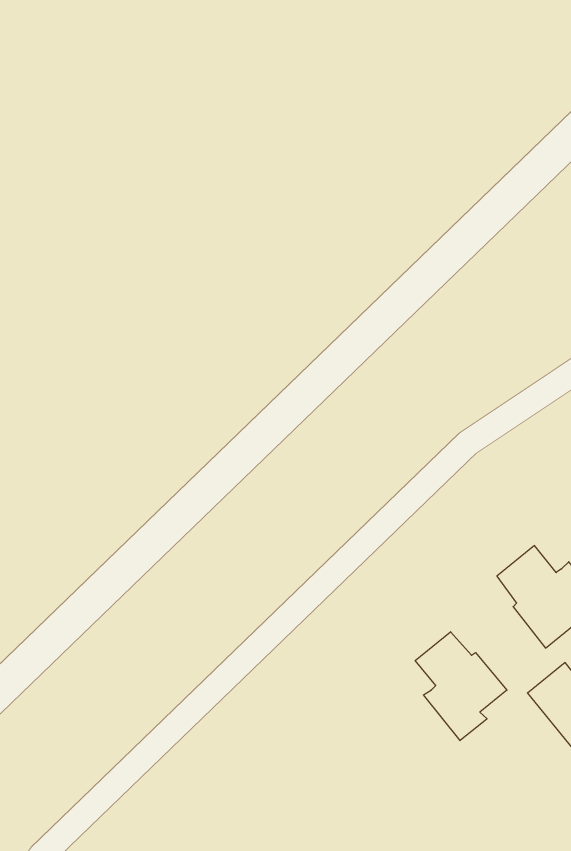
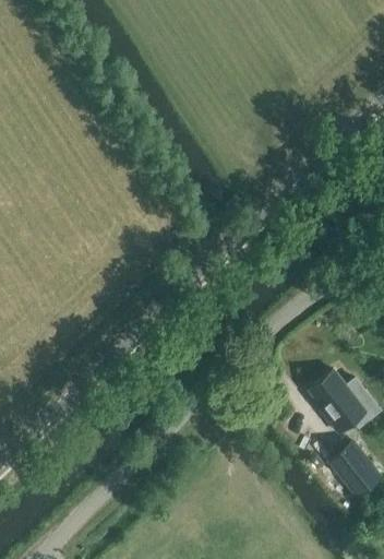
building: [415,632,507,741] -> none

